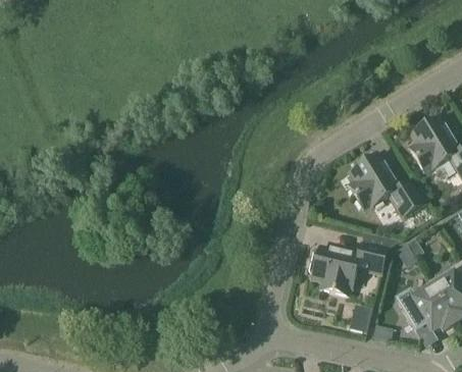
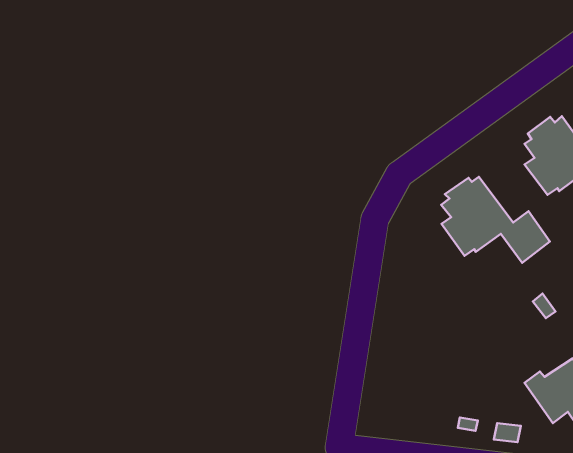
building: [309,230,400,295] -> none

